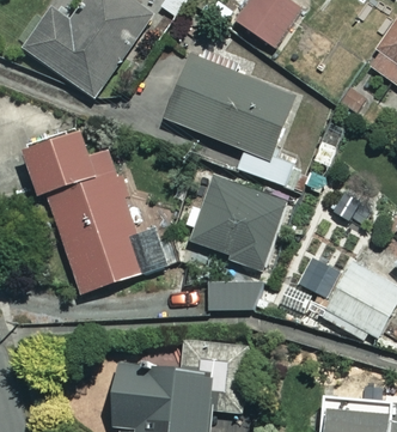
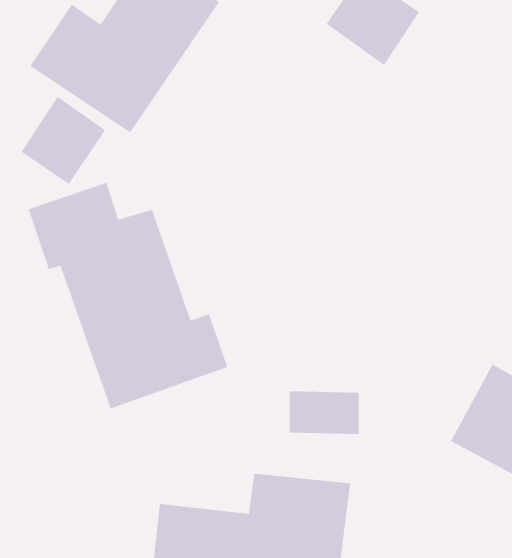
building: [165,56,292,158] -> none
building: none -> [21,96,106,185]
building: [183,178,283,272] -> none

